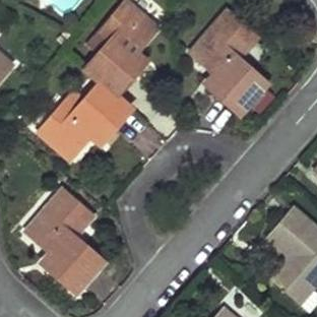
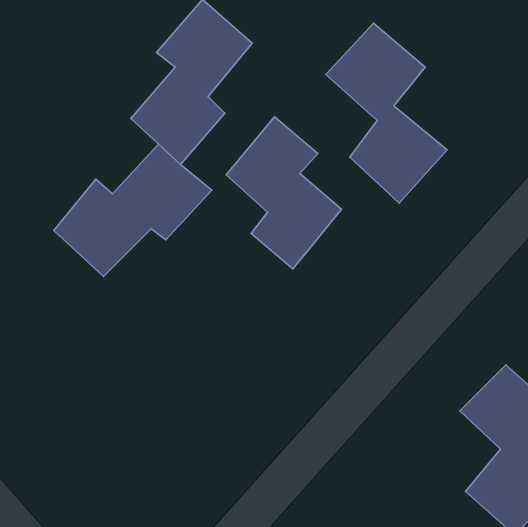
building: none -> [226,117,341,269]
building: [27,192,102,292] -> none

